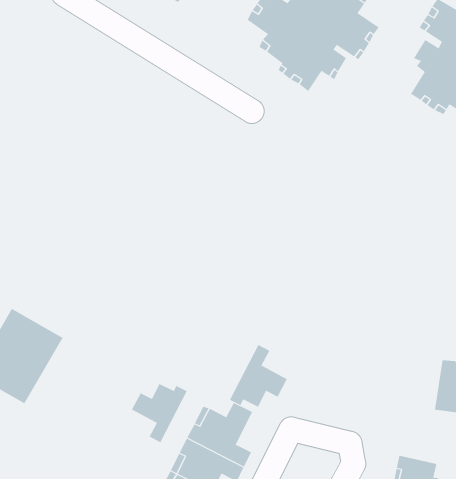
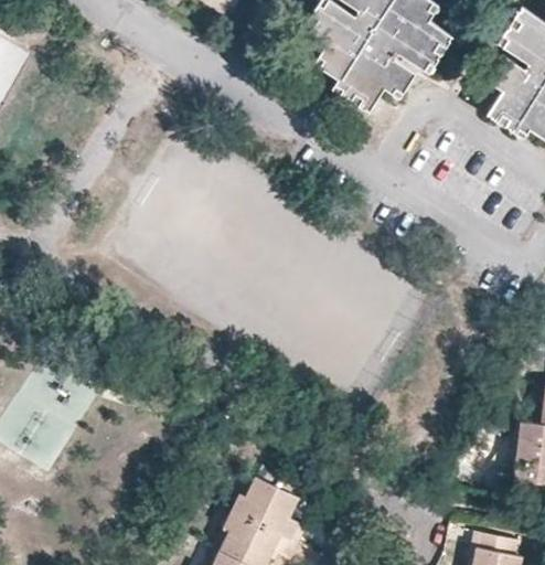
building: [229,344,288,408] -> none
building: [131,383,188,443] -> none

